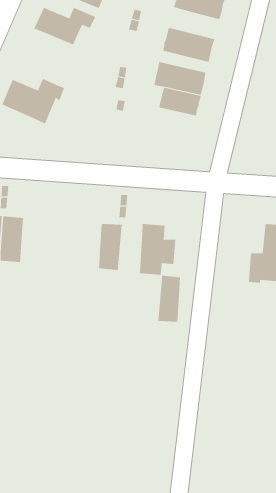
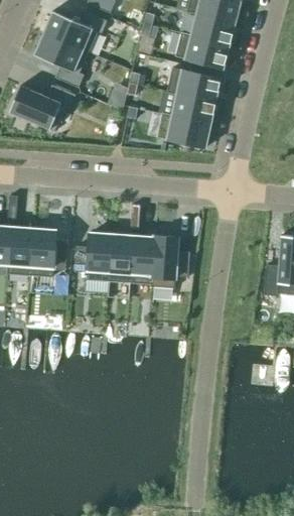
building: none -> [190,13,235,43]
building: none -> [33,32,84,87]
building: none -> [157,112,210,146]
building: none -> [29,228,66,276]
building: none -> [74,232,112,280]
building: [158,275,181,322] -> [130,235,154,283]

